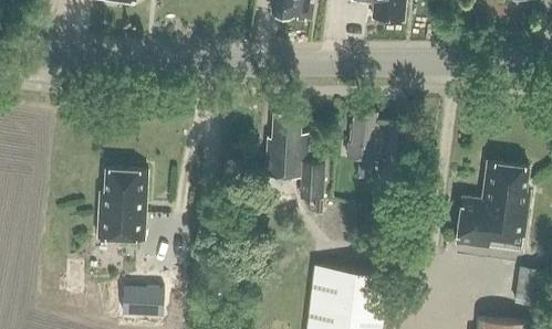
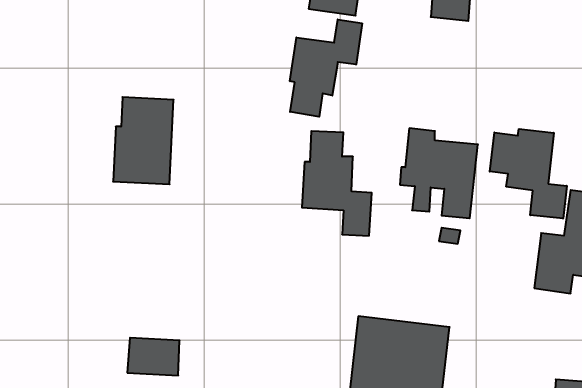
building: none -> [290,19,362,117]
building: none -> [490,129,567,219]
building: [97,169,147,241] -> [113,97,174,184]

